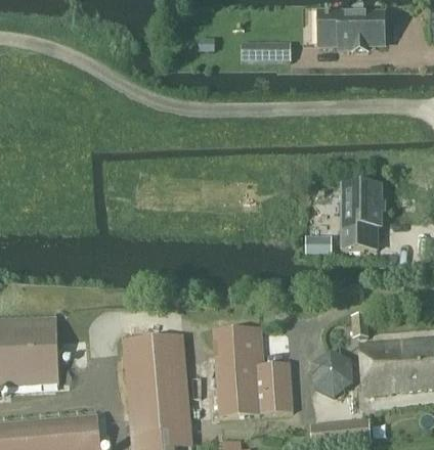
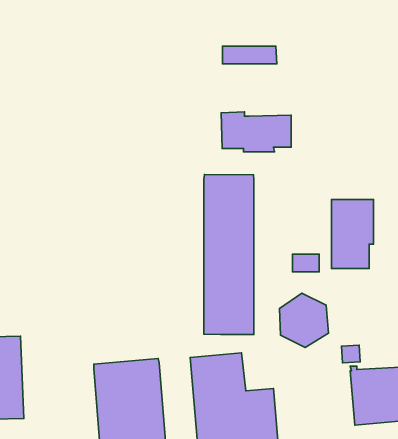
building: [317,10,382,47] -> [221,112,291,152]
building: none -> [204,175,254,335]
building: [311,343,356,393] -> [279,293,328,348]

